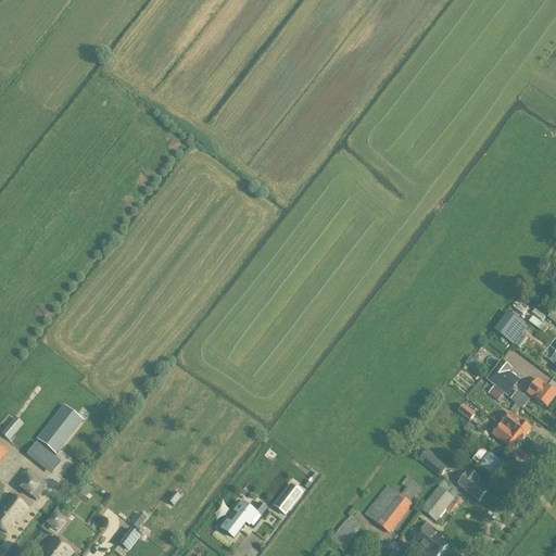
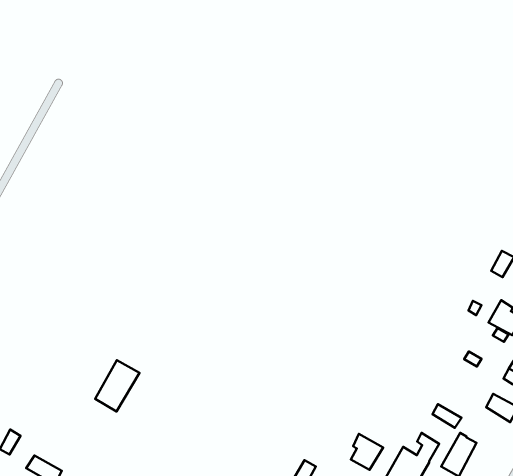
building: [37,403,83,452] -> [95,360,139,412]
building: none -> [351,434,383,470]
building: [458,469,489,500] -> none

